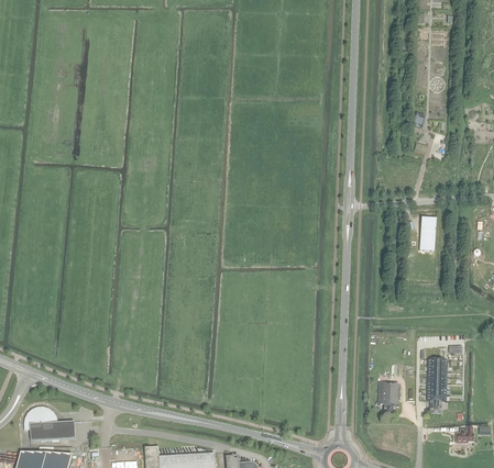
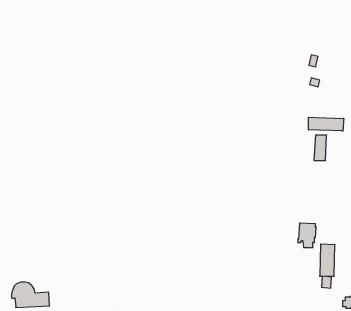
building: none -> [309,117,344,131]
building: [376,380,400,412] -> [298,223,316,248]

